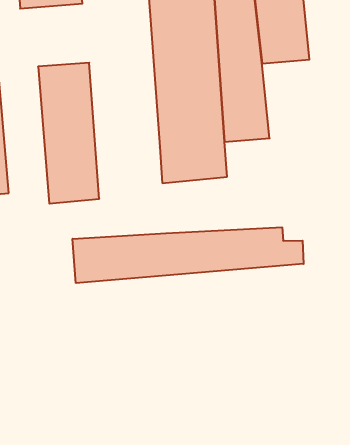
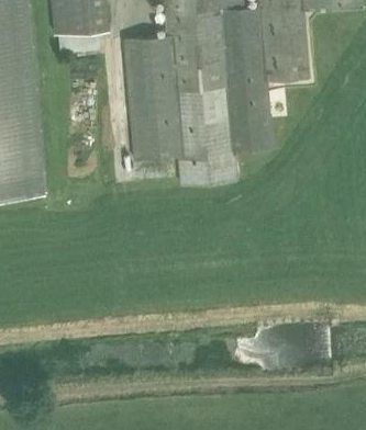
building: [38,63,99,204] -> [122,36,176,160]
building: [73,227,304,283] -> none

